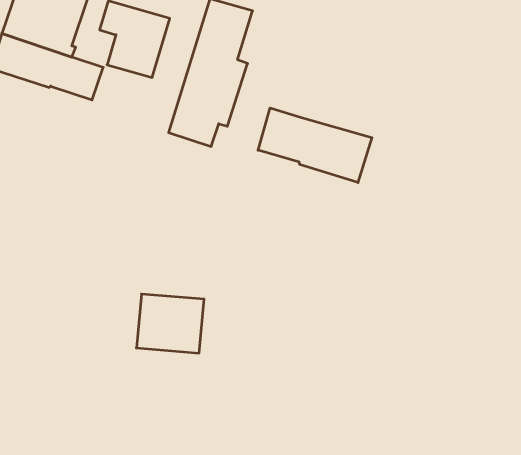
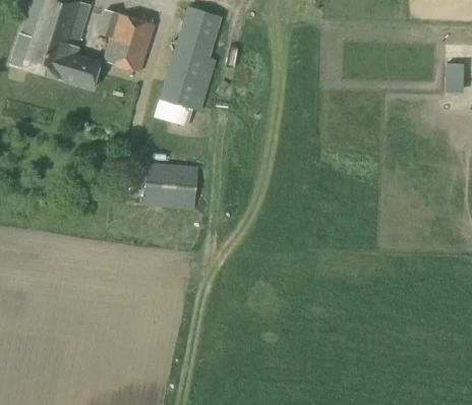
building: [258,108,372,183] -> none
building: [136,294,204,353] -> [143,161,198,209]

